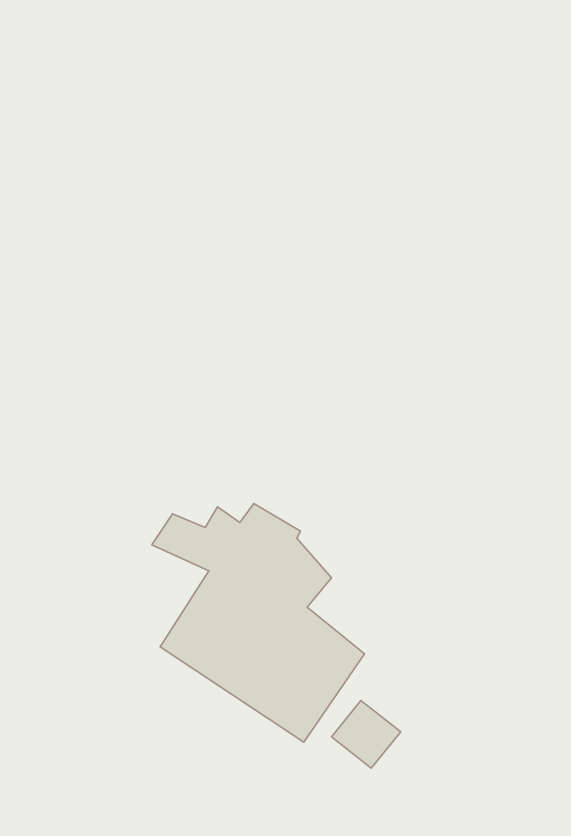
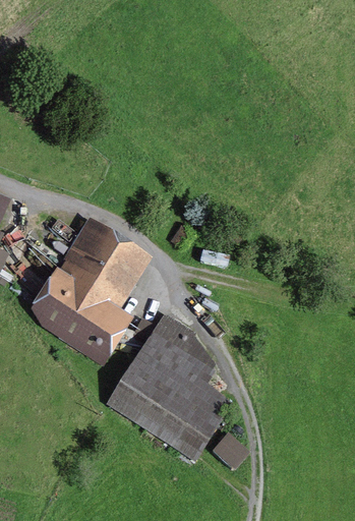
building: none -> [38,224,143,351]

